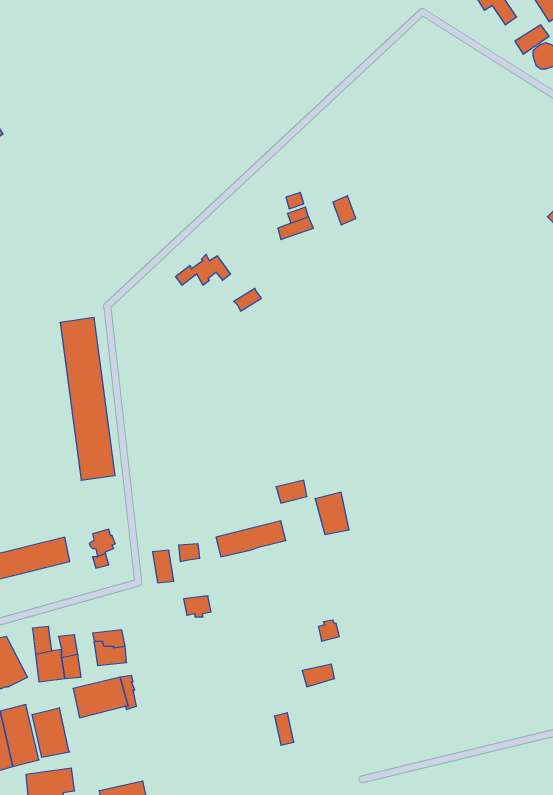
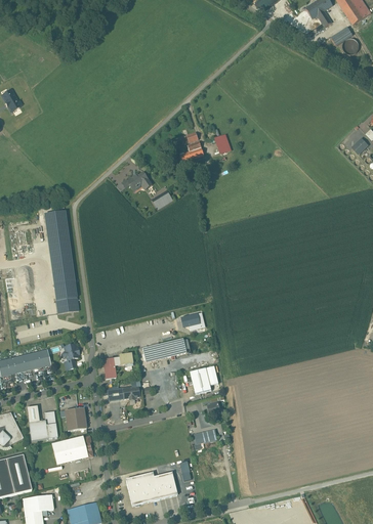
building: [315,492,349,535] -> [190,366,211,393]
building: [32,708,70,757] -> none
building: none -> [125,472,177,506]

